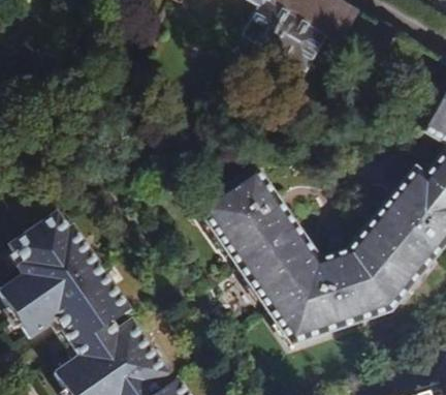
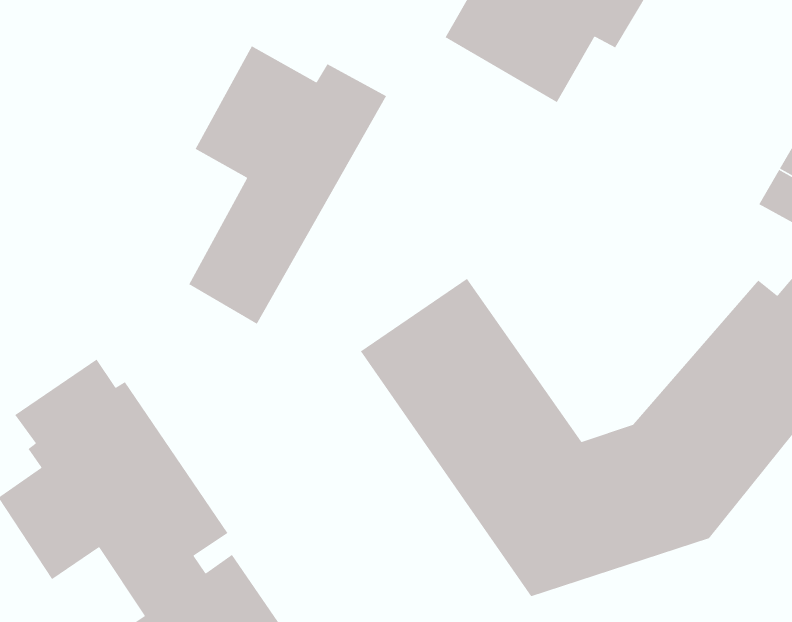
building: none -> [188,45,387,325]

